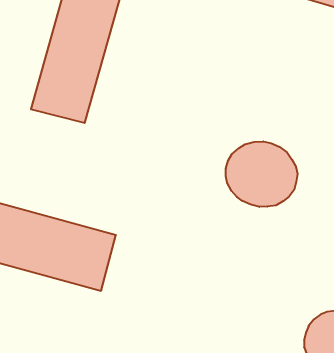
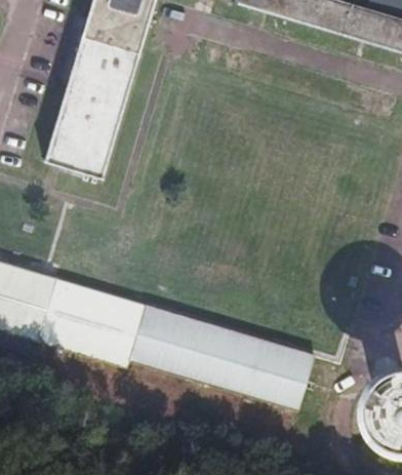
building: [226,141,298,207] -> none
building: none -> [130,304,314,401]

